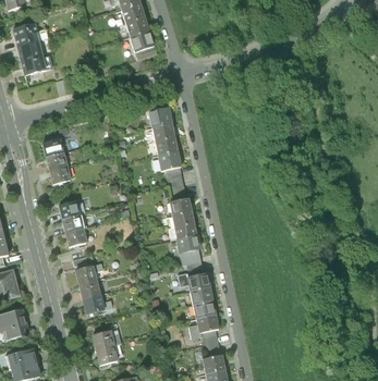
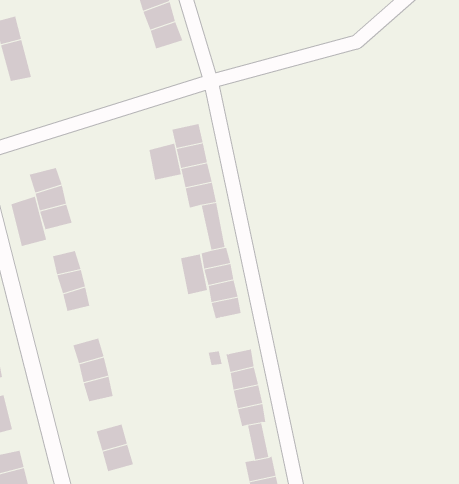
building: none -> [149,143,181,181]
building: none -> [11,196,47,247]
building: [183,247,204,278] -> [180,254,208,295]

